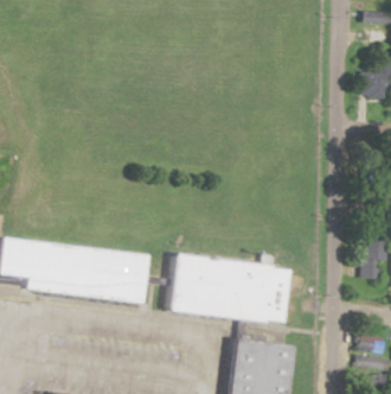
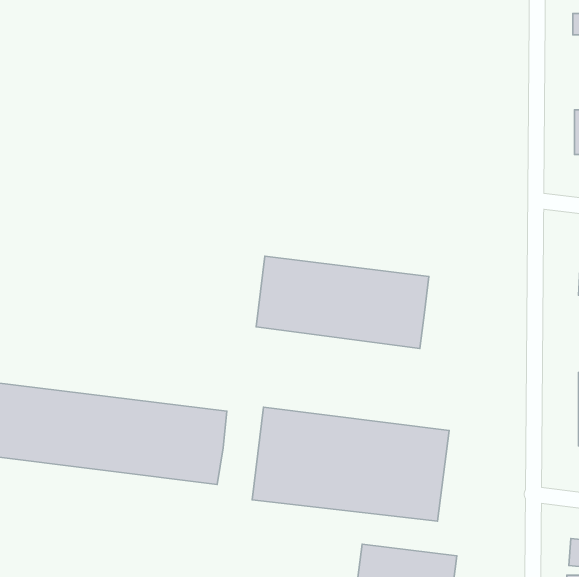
building: none -> [256,256,429,349]

